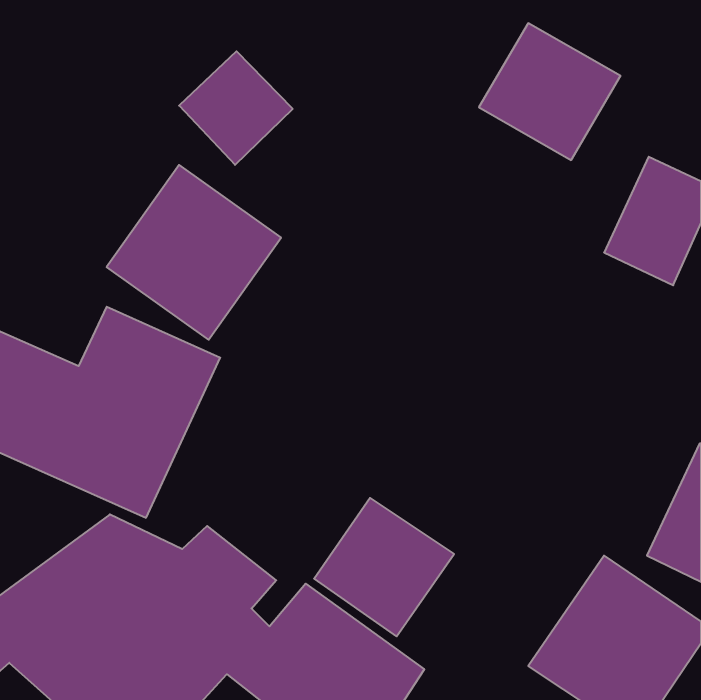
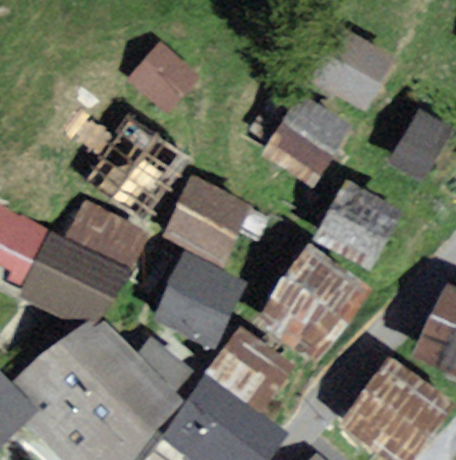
building: none -> [260,95,352,188]
building: none -> [162,176,252,265]
building: none -> [312,180,404,272]
building: none -> [260,246,372,360]
building: none -> [152,260,242,352]

